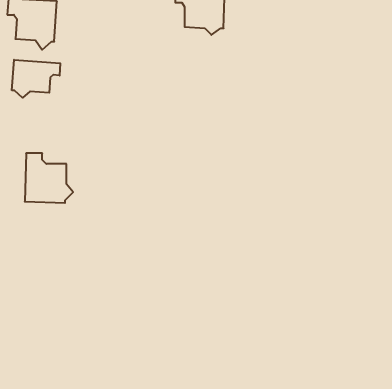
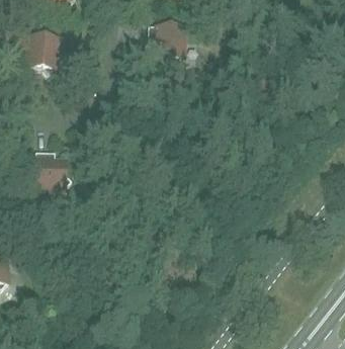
building: [12,60,60,98] -> none

